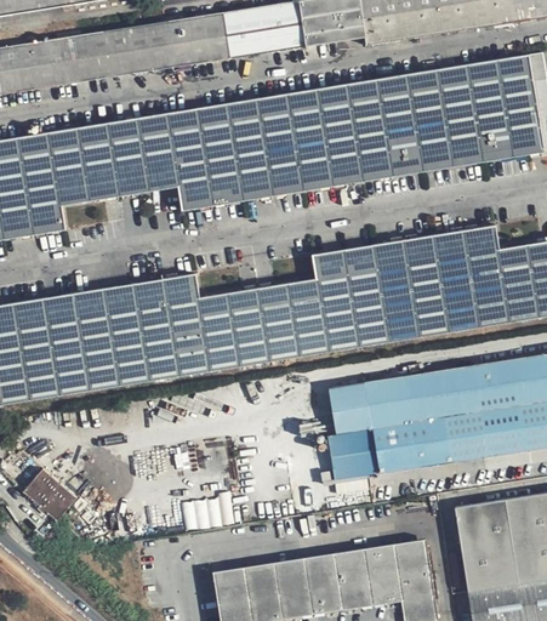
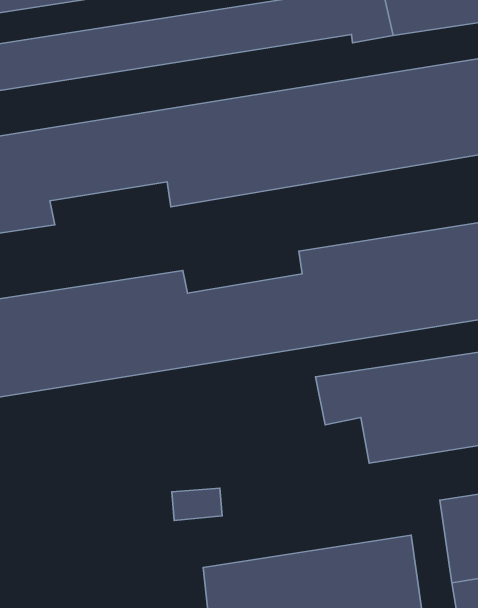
building: [327,423,383,478] -> none
building: [22,465,78,517] -> none

